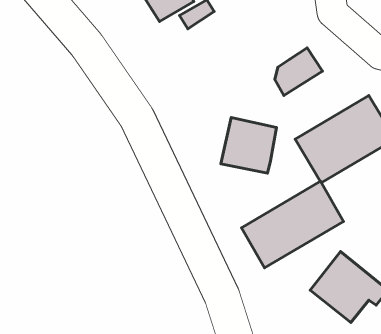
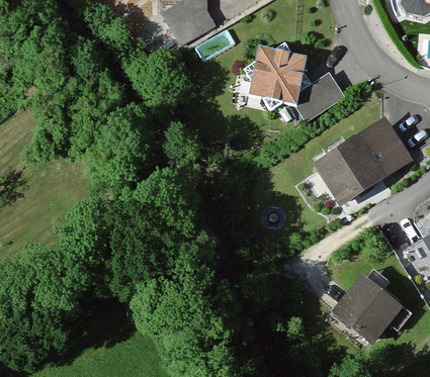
building: [221,117,277,173] -> [248,46,304,102]
building: [241,181,343,268] -> none

